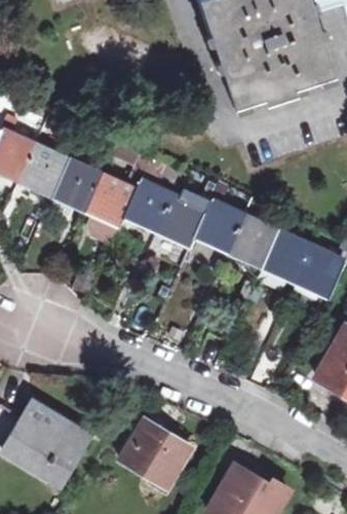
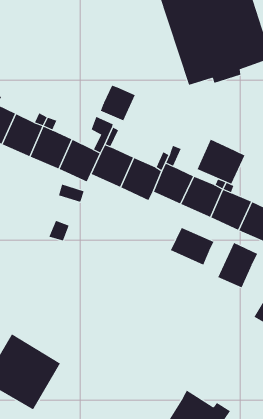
building: none -> [100,85,135,121]
building: none -> [197,139,245,184]
building: none -> [170,227,214,266]
building: none -> [217,242,258,288]
building: [120,420,189,487] -> none

